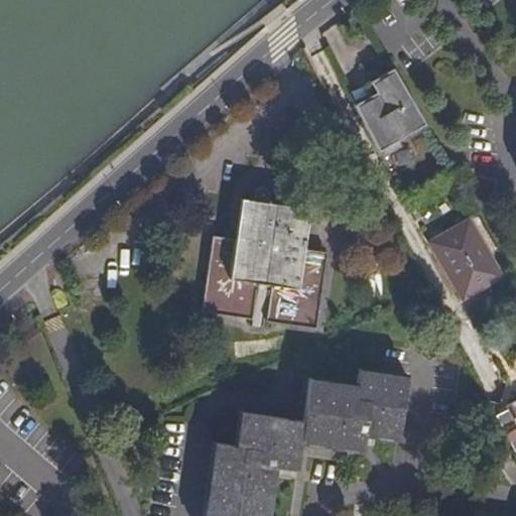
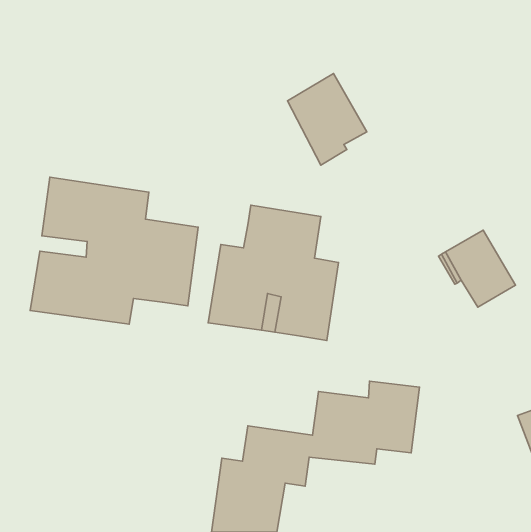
building: [351,71,427,159] -> [288,74,367,165]
building: none -> [30,177,198,324]

